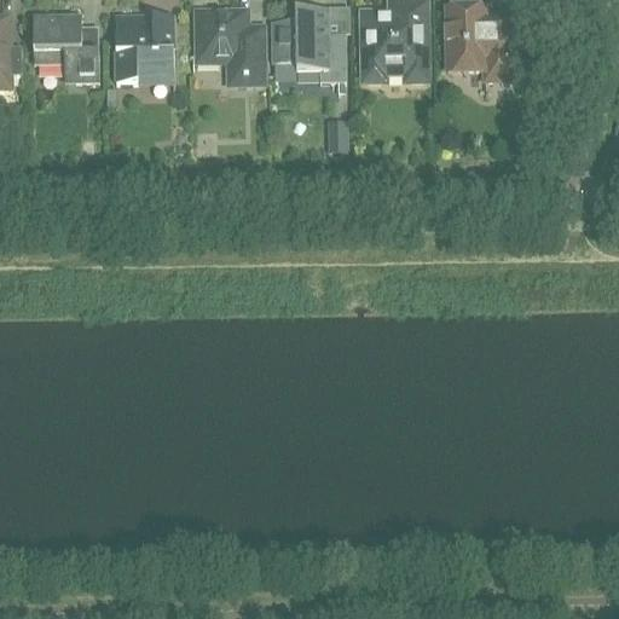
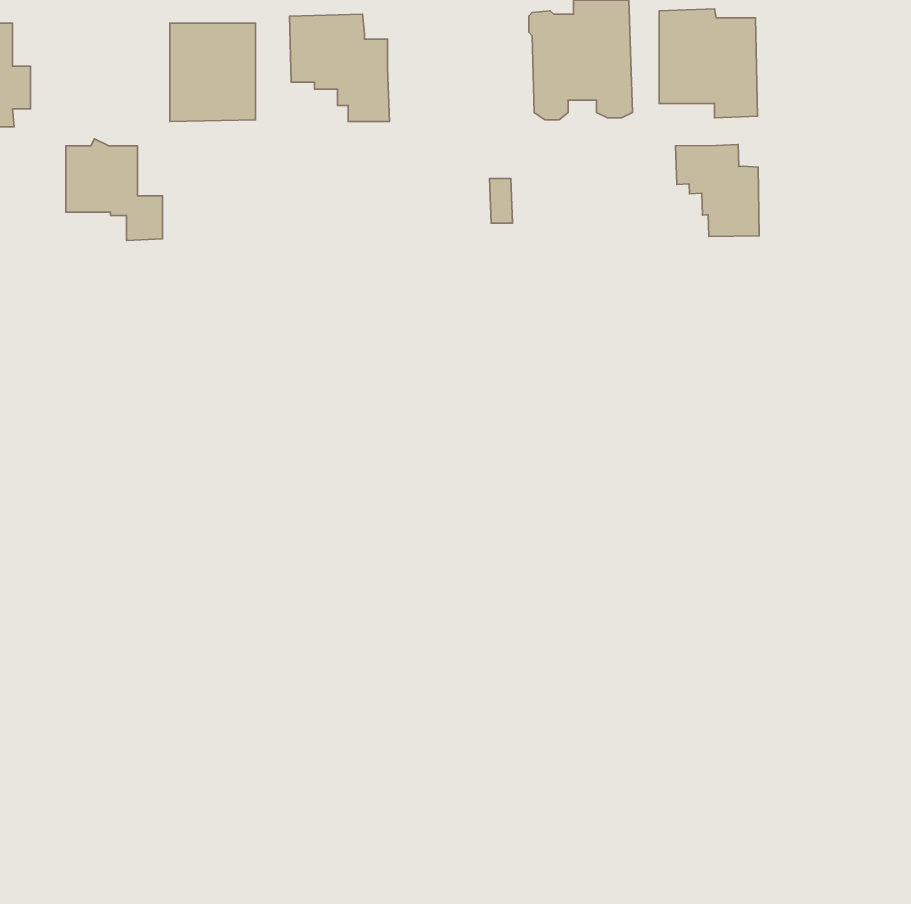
building: [272,8,346,81] -> none
building: [33,12,98,81] -> [66,139,162,241]
building: none -> [675,145,759,237]

